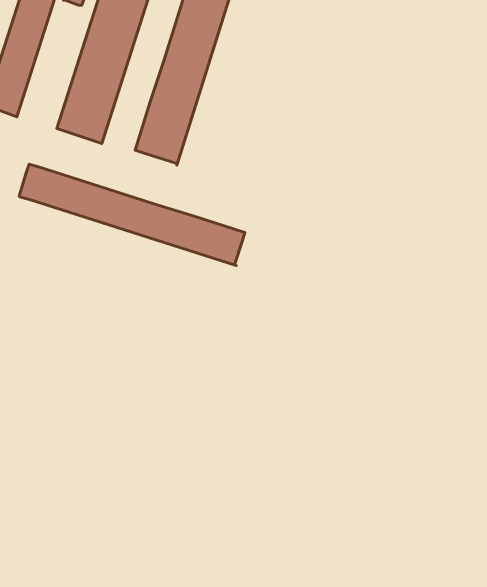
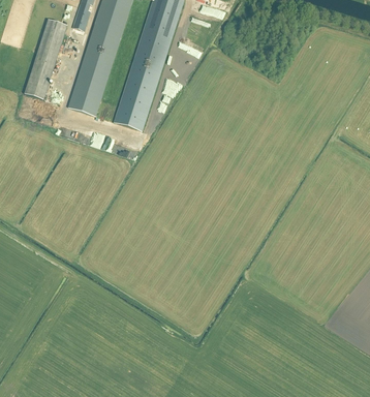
building: [19,164,245,266] -> none

